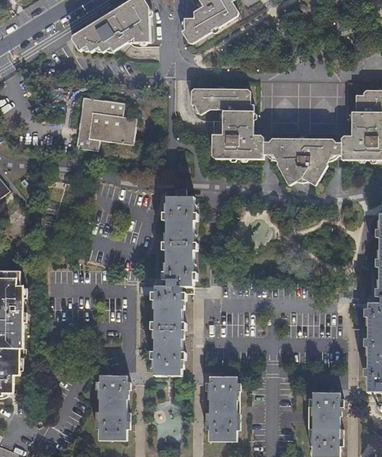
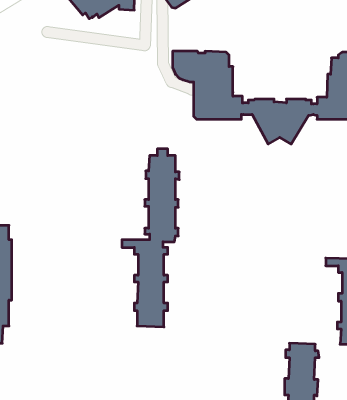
building: [76,96,137,150] -> none
building: [95,373,130,439] -> none
building: [205,375,240,441] -> none

